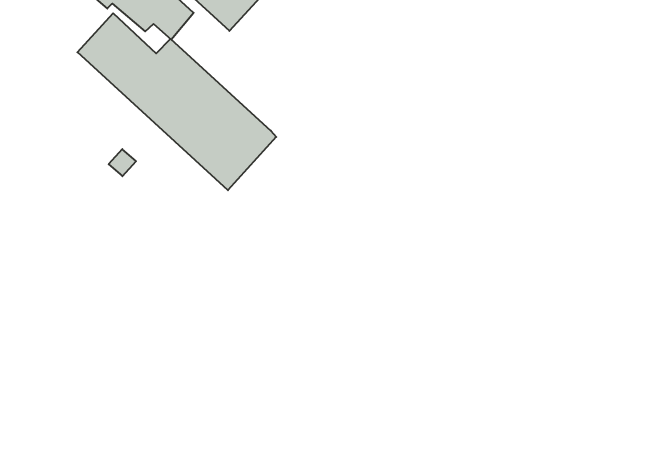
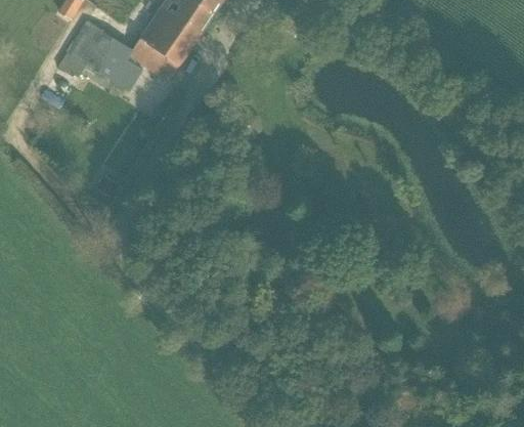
building: [77,13,276,190] -> none

